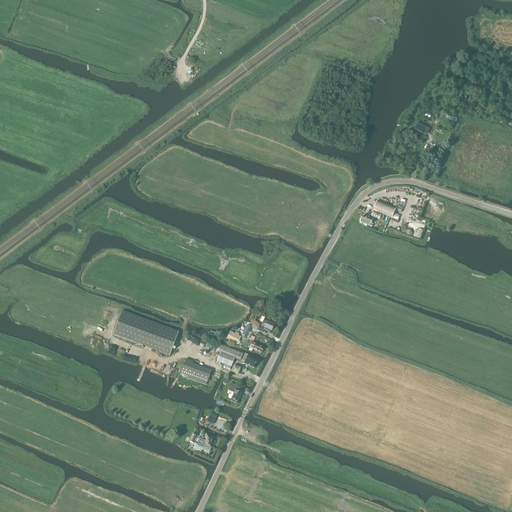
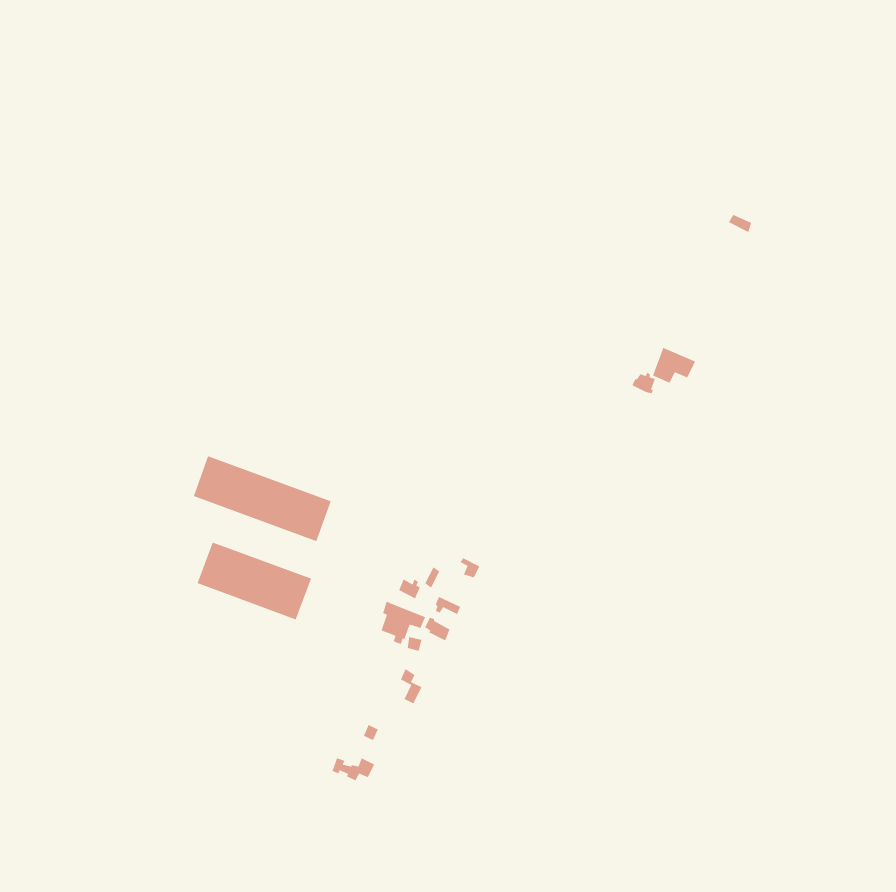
building: none -> [193,455,332,542]
building: [180,357,211,383] -> none

